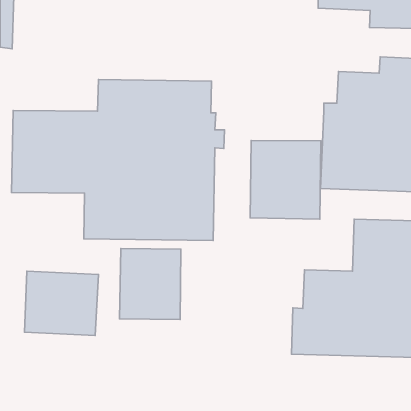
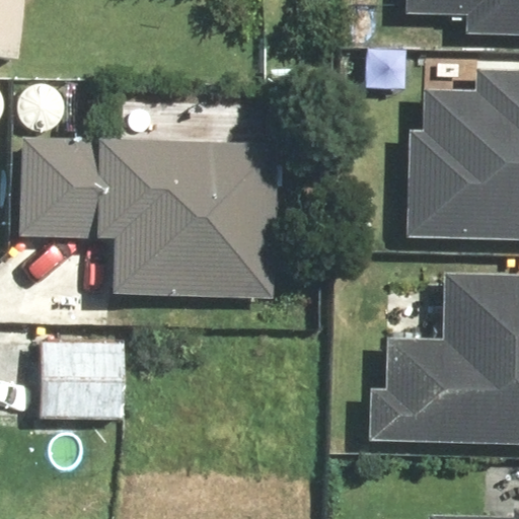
building: [250,140,321,219] -> none
building: [120,248,181,320] -> none

